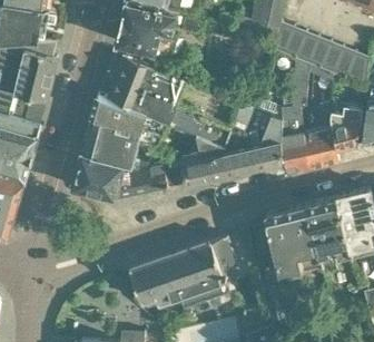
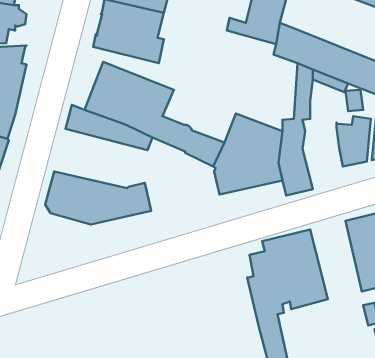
building: [301,101,339,168] -> none
building: [81,115,164,167] -> none
building: [173,136,227,184] -> none
building: [307,196,353,272] -> none
building: [129,237,239,307] -> none

